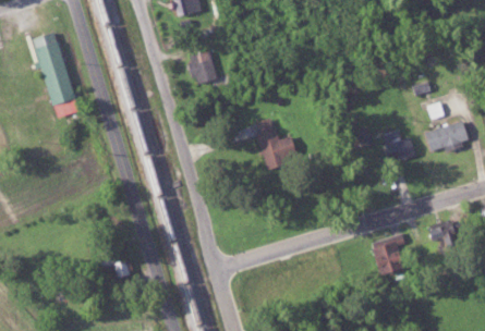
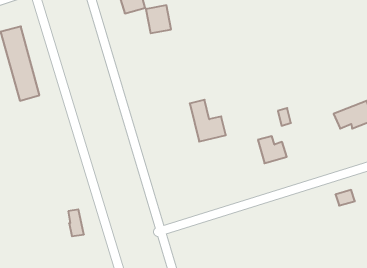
building: [189,51,218,84] -> [146,5,171,33]
building: [383,131,416,162] -> [258,136,287,163]
building: [371,237,409,275] -> none

